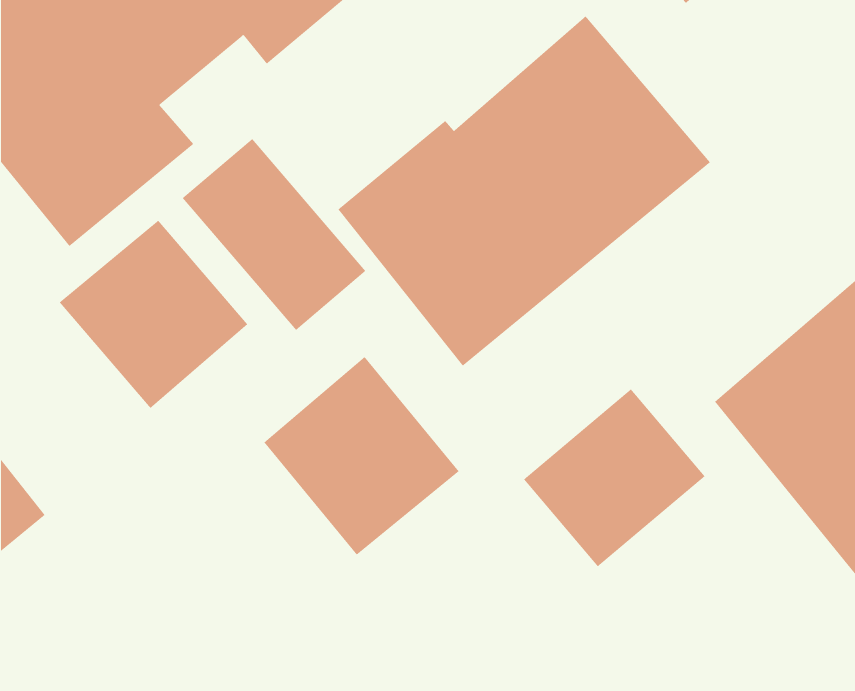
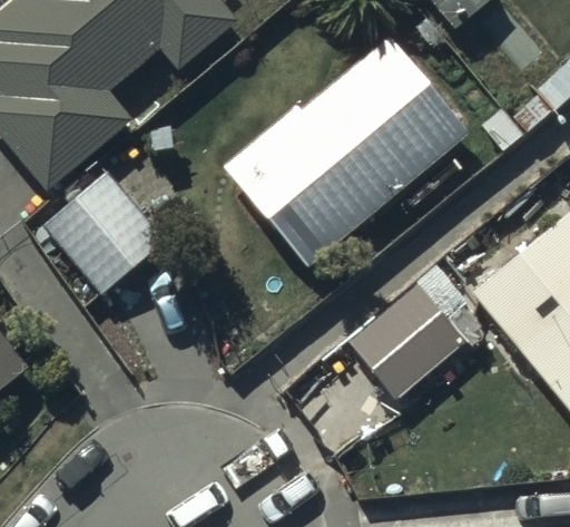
building: [182,138,366,331] -> none
building: [263,356,460,555] -> none

